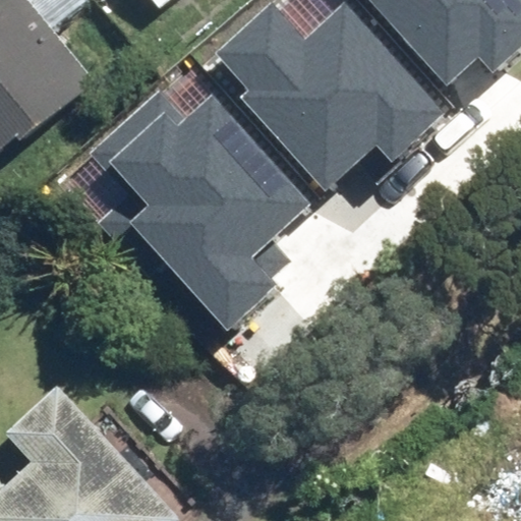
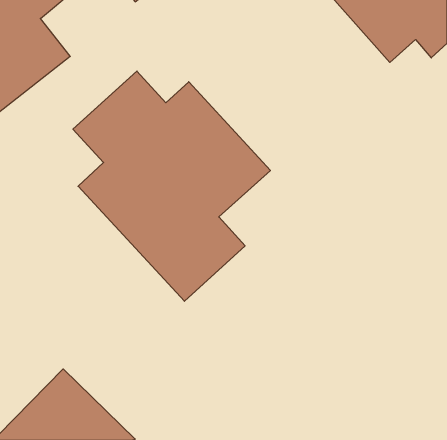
building: [225,7,442,192] -> none

